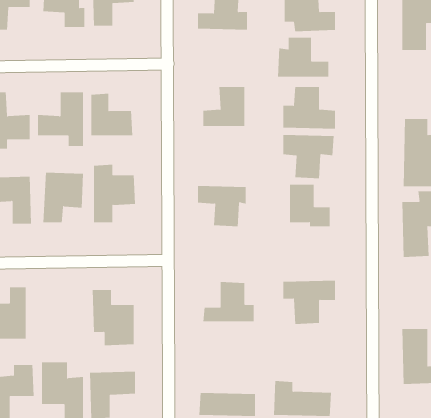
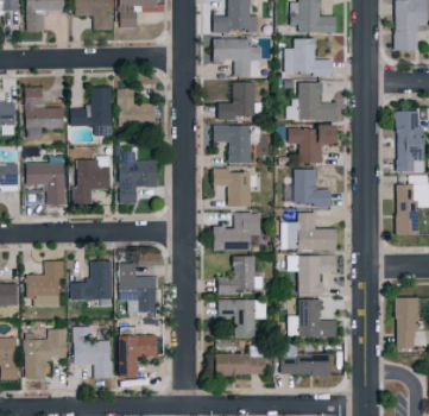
building: none -> [212,38,261,76]
building: none -> [214,125,251,163]
building: none -> [282,212,336,251]
building: none -> [213,213,260,251]
building: none -> [71,261,114,300]
building: none -> [289,298,336,338]
building: none -> [219,300,269,338]

